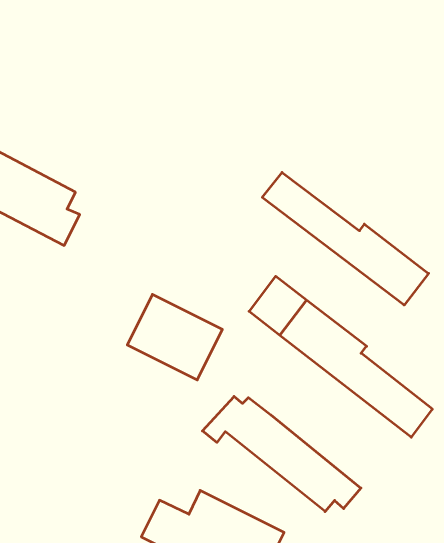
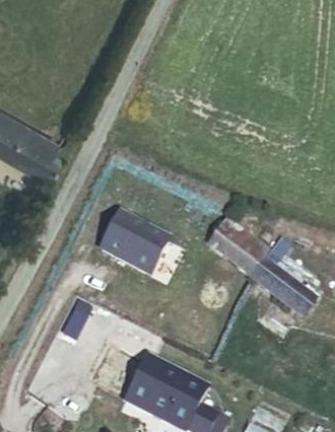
building: [262,172,429,305] -> none
building: [202,396,361,512] -> none

